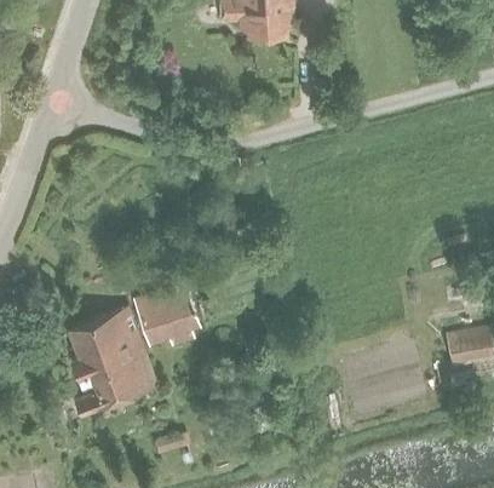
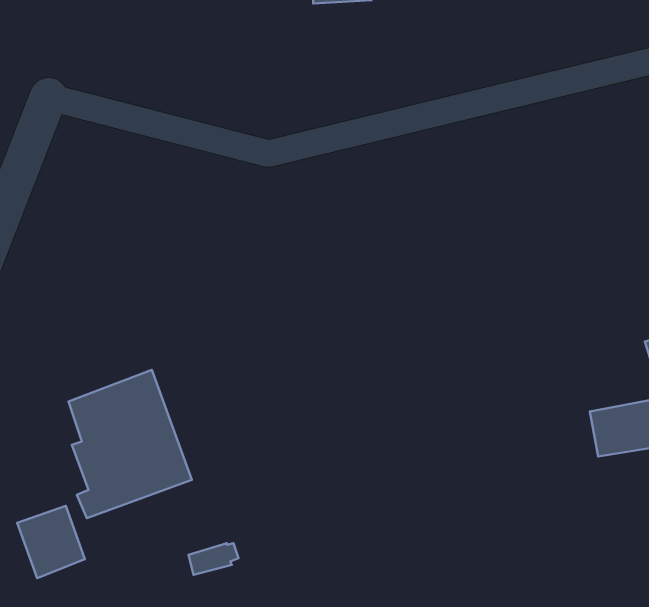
building: [133,286,200,350] -> none
building: none -> [17,506,85,578]

